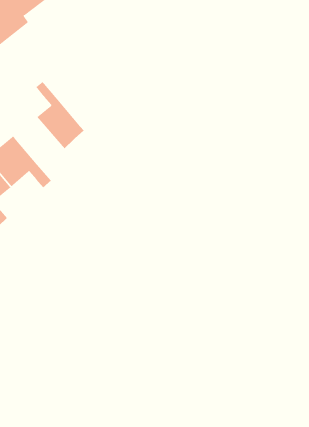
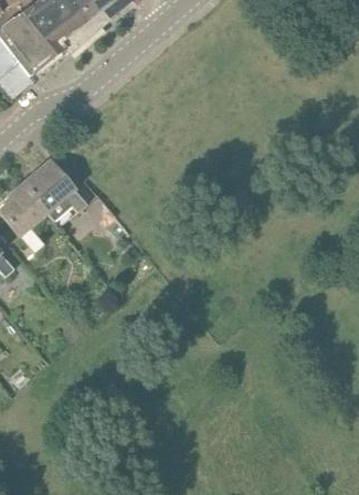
building: [35,81,85,149] -> none

